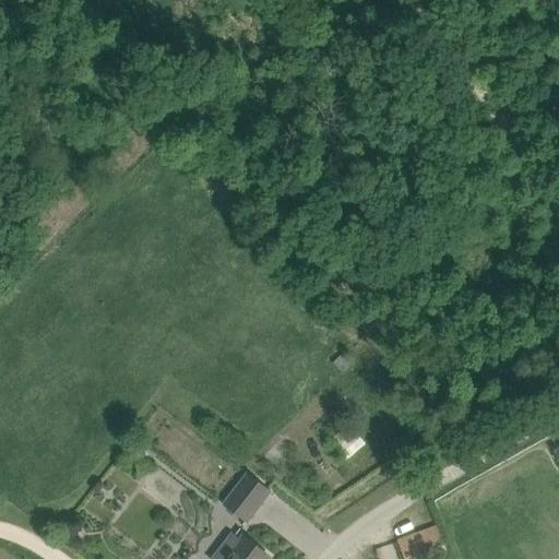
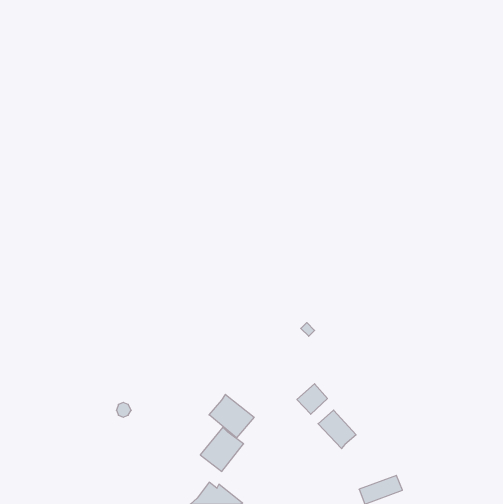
building: none -> [209,394,254,438]
building: none -> [318,410,356,449]

